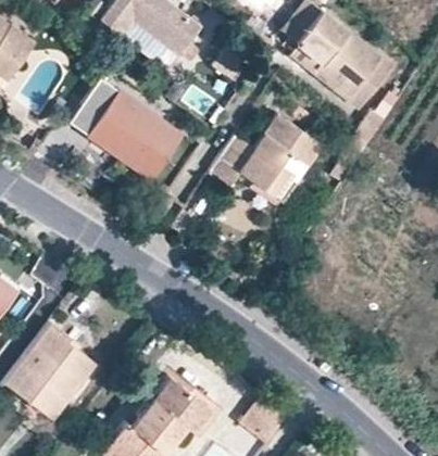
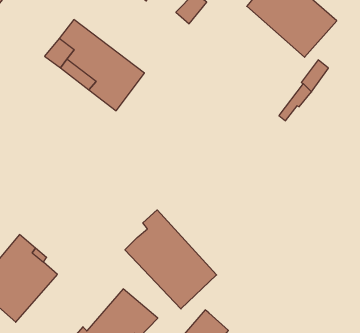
building: [210,114,320,201] -> none
building: none -> [125,210,217,309]

